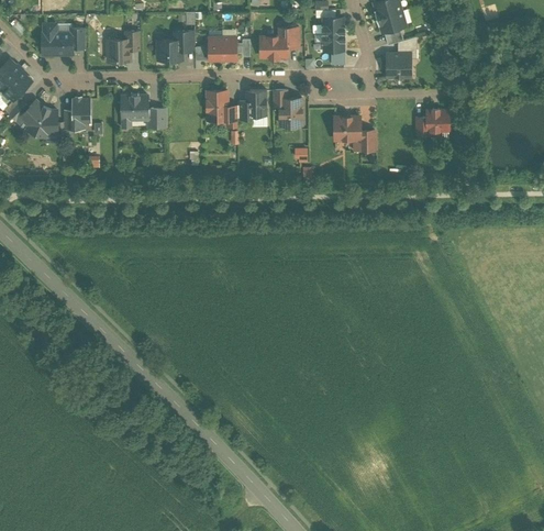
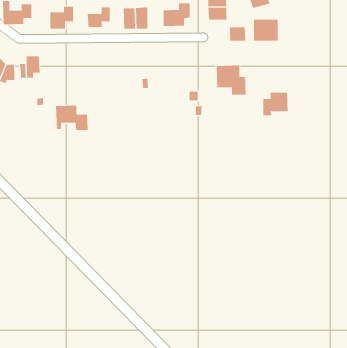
building: none -> [229,27,246,42]
building: [242,88,268,118] -> none
building: [273,89,306,128] -> none
building: [204,90,235,125] -> none
building: [122,96,167,130] -> [55,105,89,130]
building: [415,106,451,137] -> [263,92,289,116]

